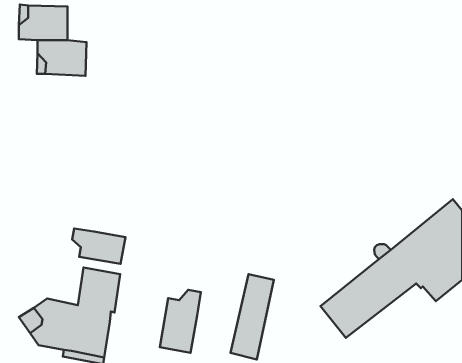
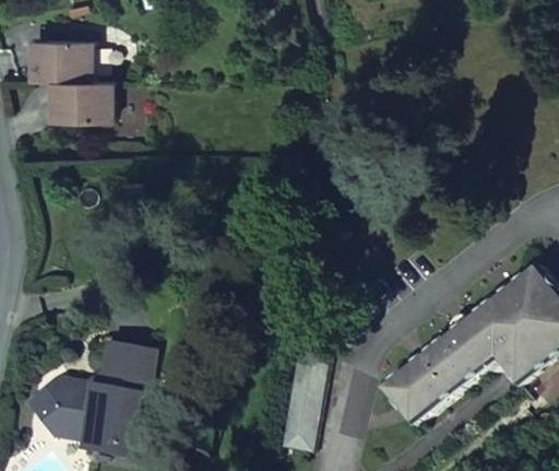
building: [72,228,125,264] -> none
building: [160,290,201,353] -> none

